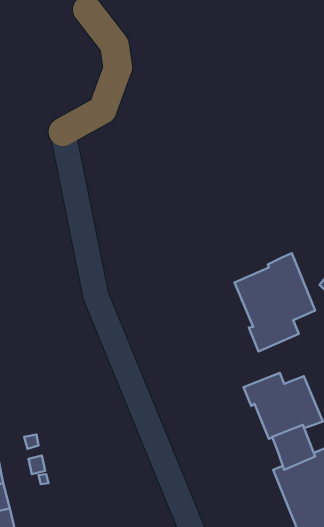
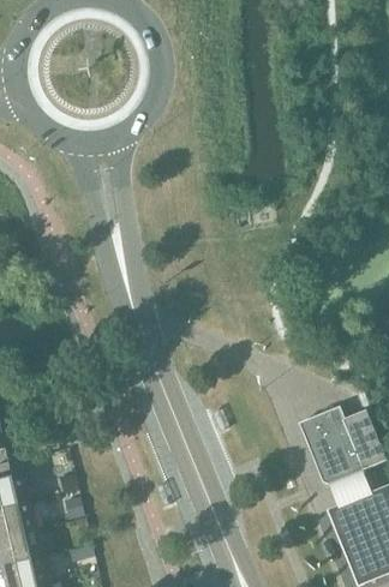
building: [235,253,315,351] -> none

